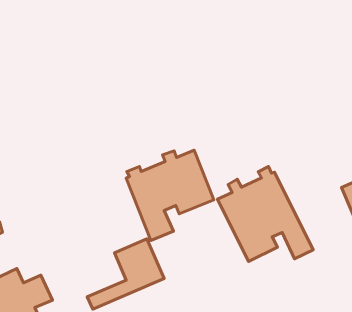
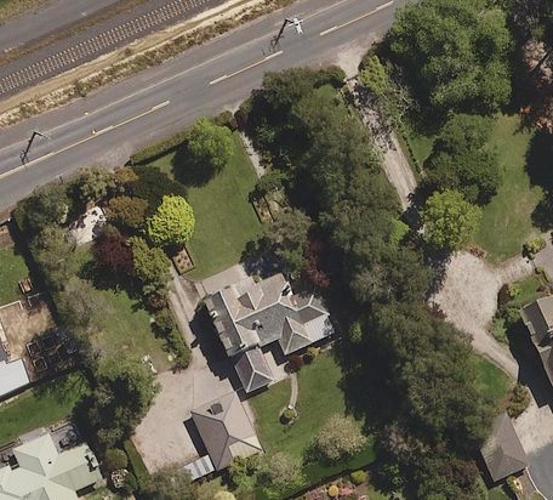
building: [217,167,313,261] -> none
building: none -> [475,413,529,477]

